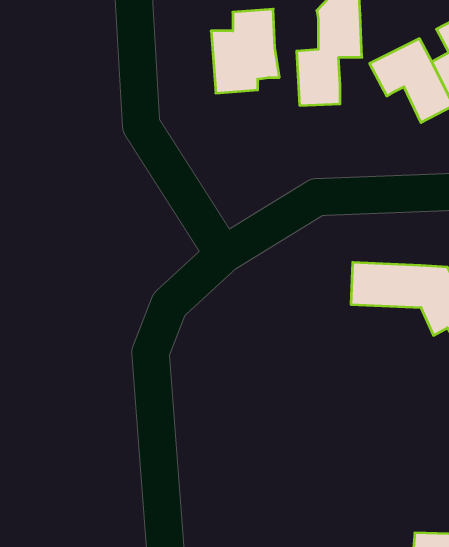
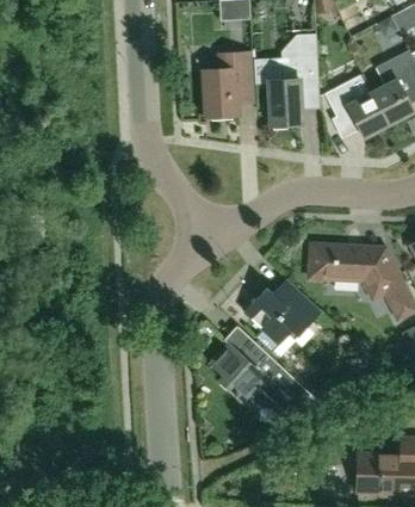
building: none -> [244,279,321,352]
building: none -> [212,342,321,419]

